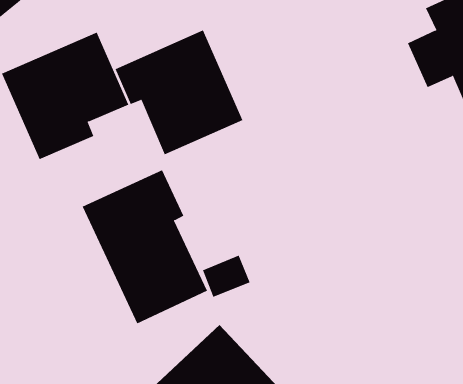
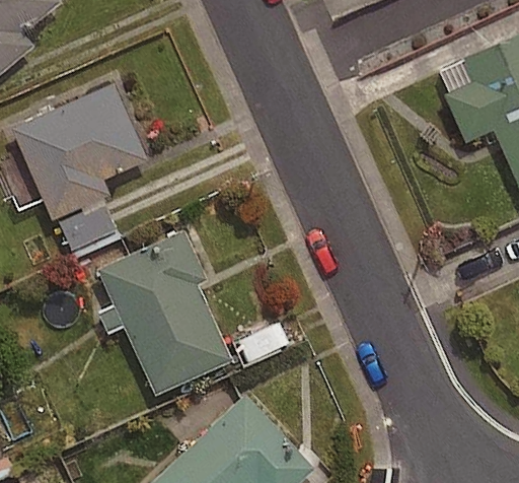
building: [115,30,243,155] -> none

